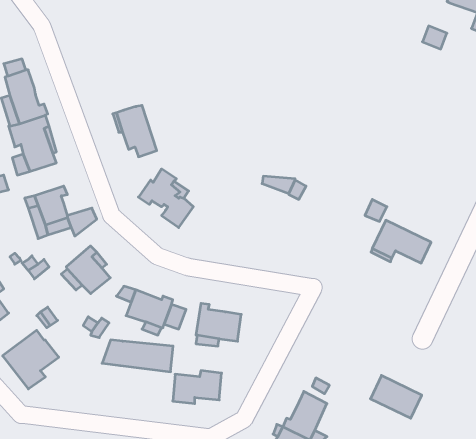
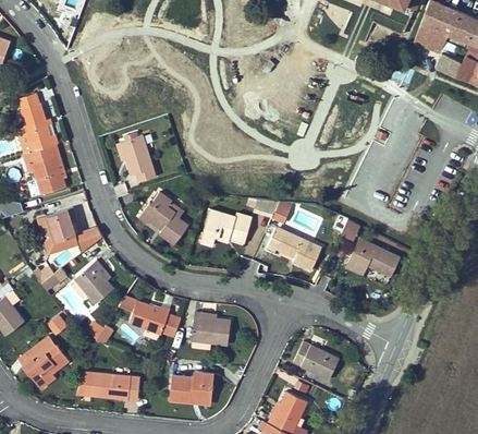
building: none -> [199,208,252,245]
building: none -> [266,227,321,270]
building: [102,340,173,372] -> [76,372,139,400]
building: [370,375,422,418] -> [293,341,339,379]

